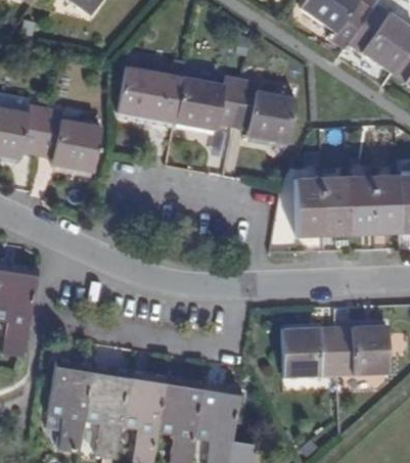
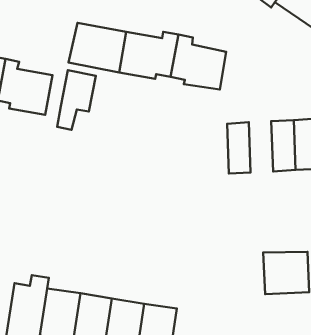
building: none -> [57,70,96,130]
building: [321,179,349,237] -> none
building: [285,328,339,377] -> none

